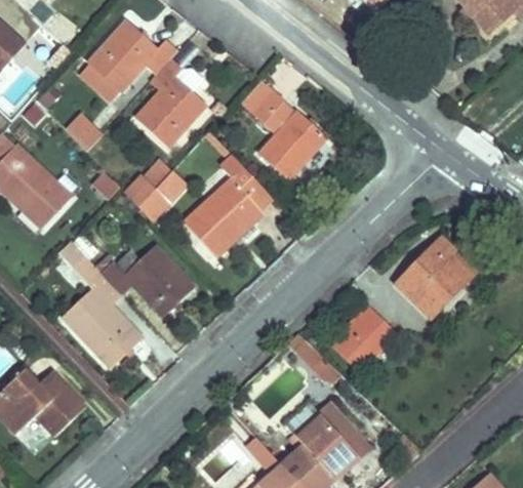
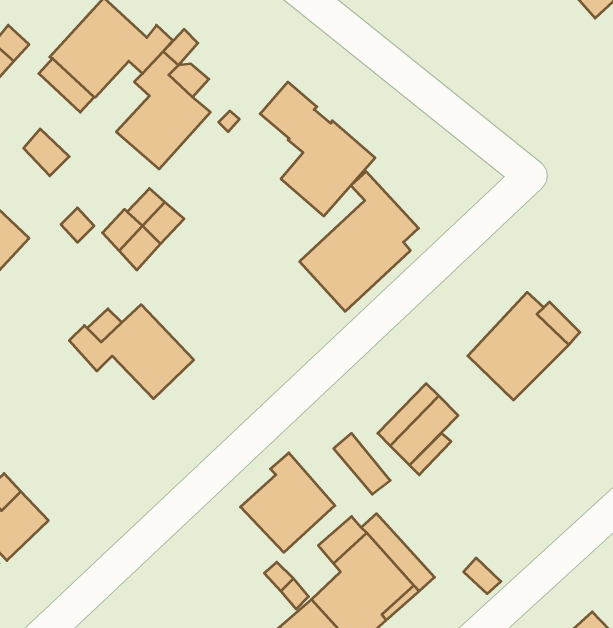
building: [183,156,271,259] -> [300,172,419,311]
building: [58,241,142,367] -> none
building: none -> [240,453,335,552]

